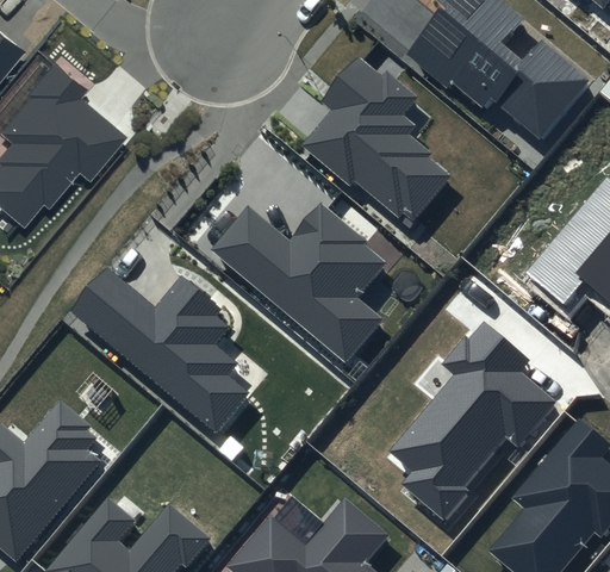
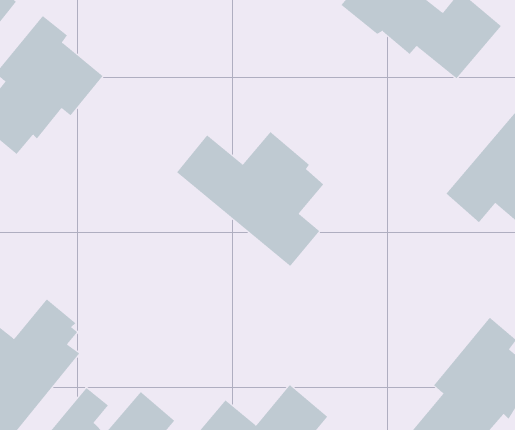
building: [301,56,452,220] -> none
building: [71,268,250,434] -> none
building: [388,322,558,523] -> none

